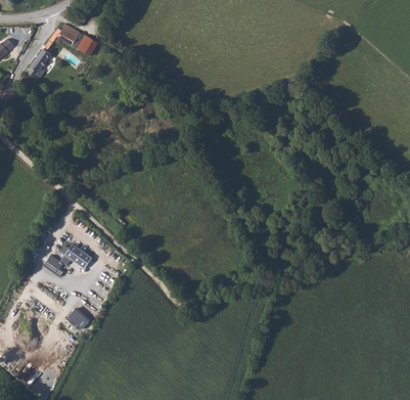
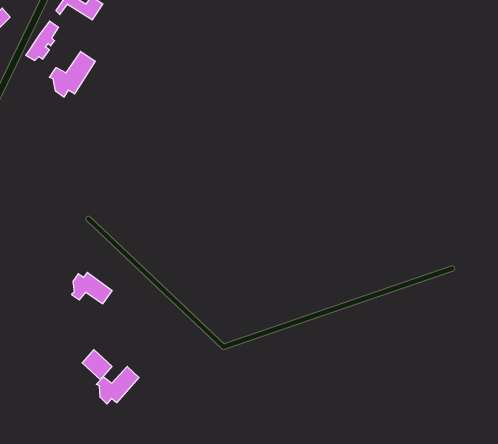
building: none -> [49,51,95,97]
building: none -> [96,366,139,404]

